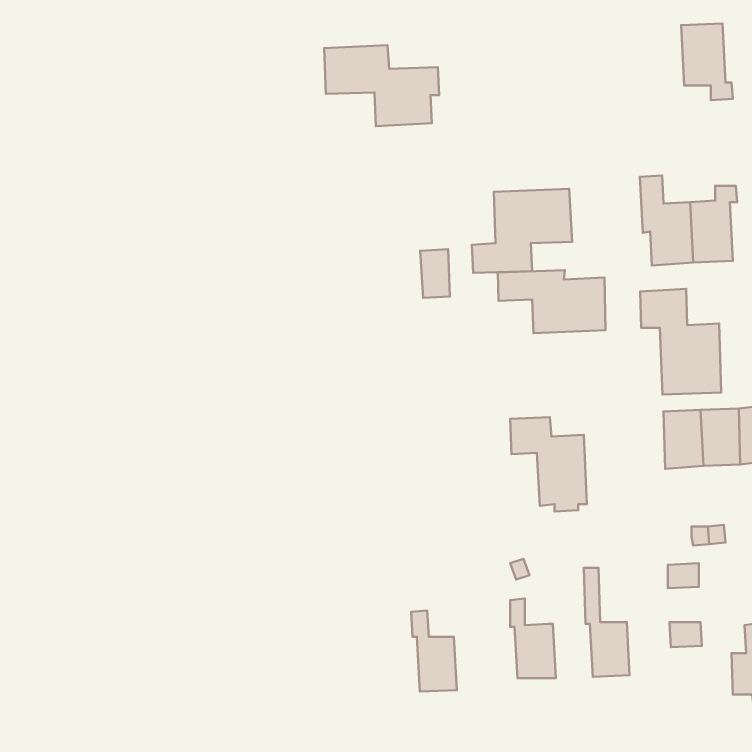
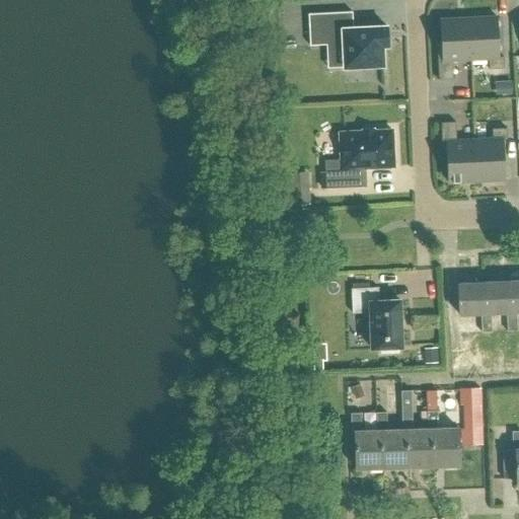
building: none -> [438,17,471,79]
building: [324,45,439,126] -> [309,11,388,67]
building: [498,270,606,333] -> none
building: [640,289,721,395] -> none
building: none -> [429,410,459,464]
building: [411,610,457,692] -> [377,411,409,466]

